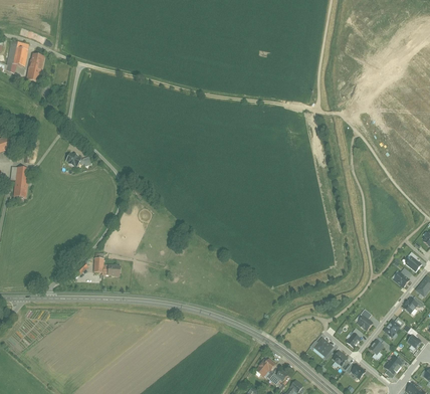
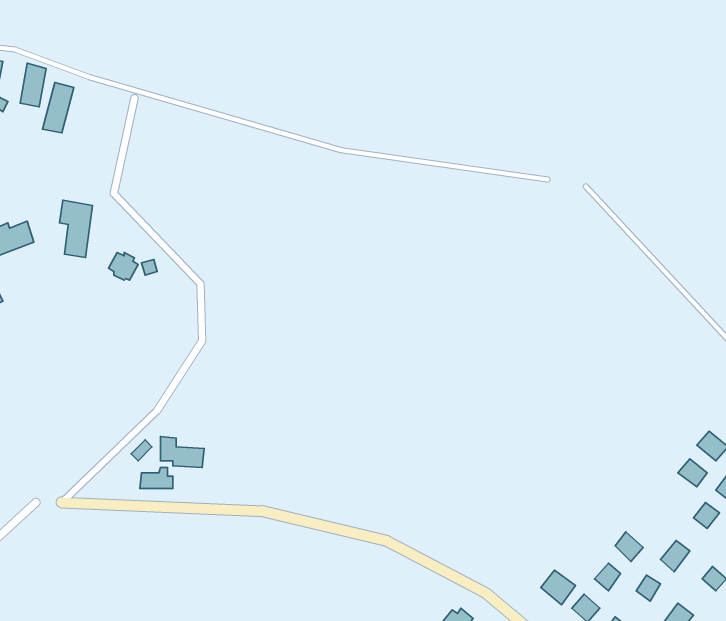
building: [10,166,29,199] -> [59,200,92,258]

